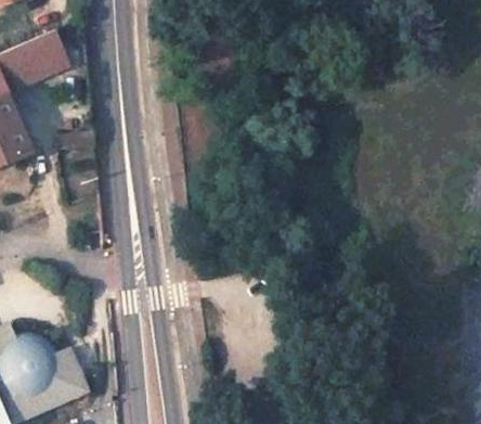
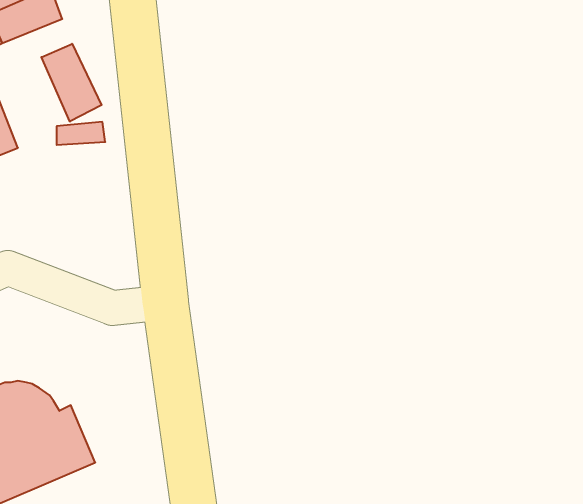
building: none -> [41,44,102,122]

